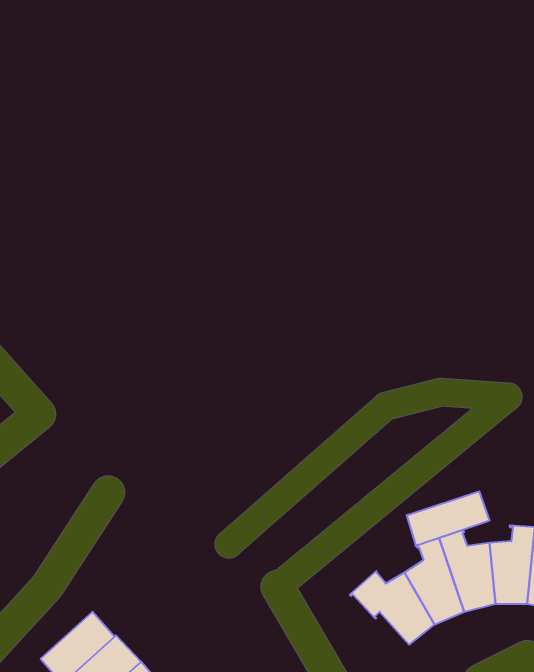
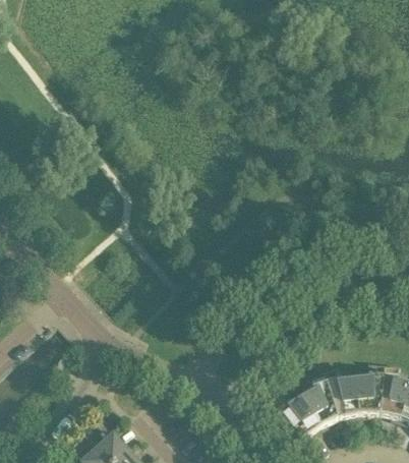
building: [407,491,489,546] -> none

